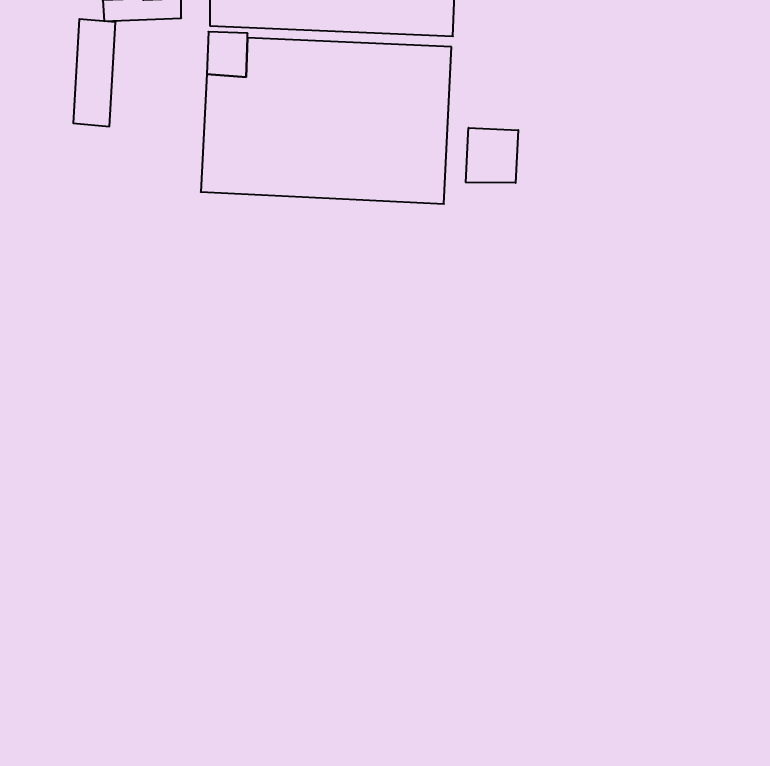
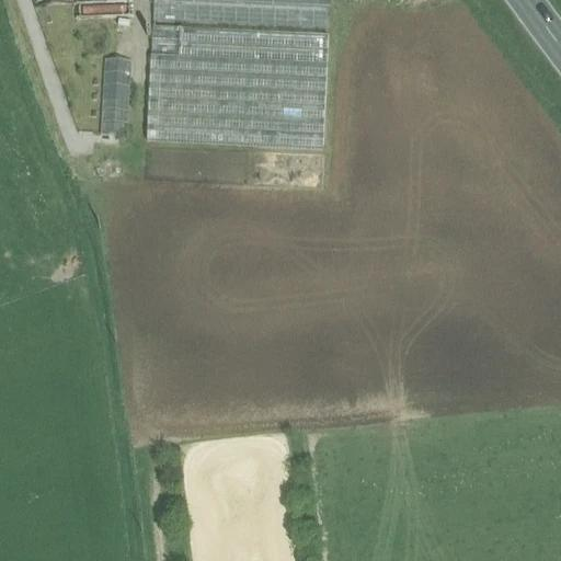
building: [73,19,116,126] -> [100,56,130,134]
building: [466,128,518,183] -> none

